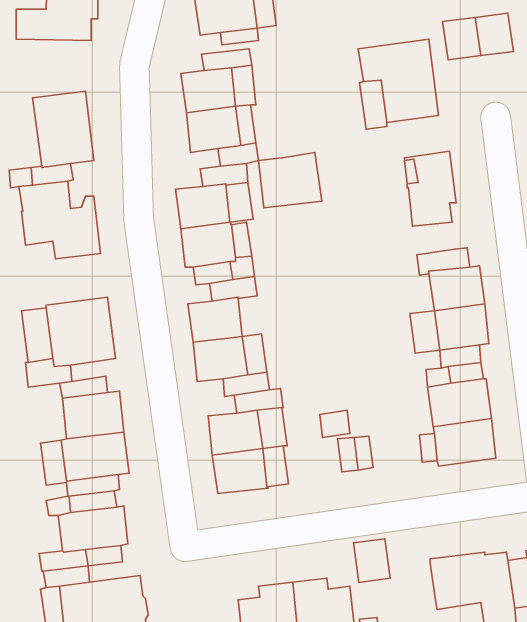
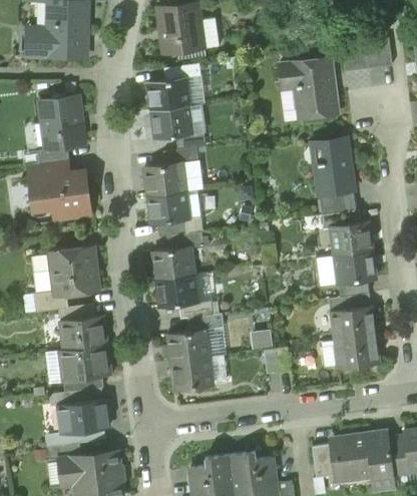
building: [259,153,322,208] -> none
building: none -> [319,190,350,214]
building: [353,539,390,582] -> [309,441,336,473]

